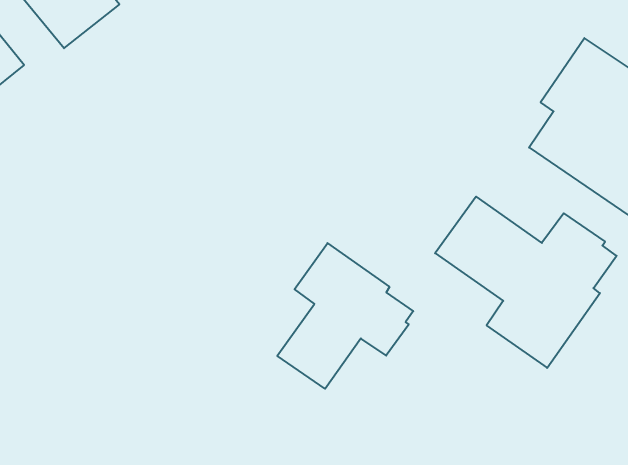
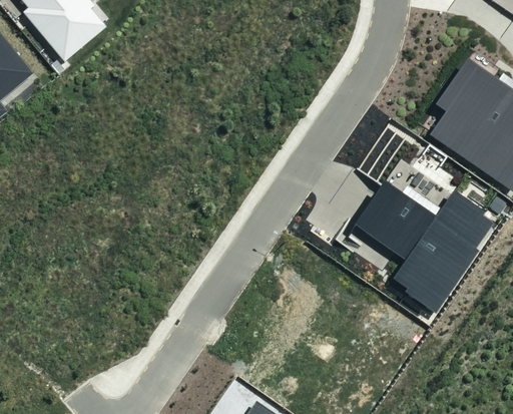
building: [277,243,413,389] -> none

